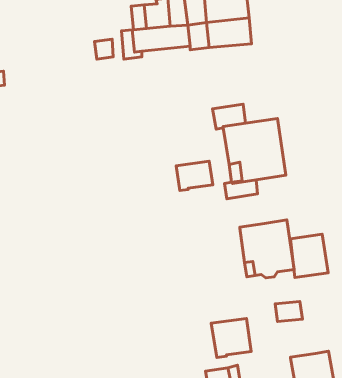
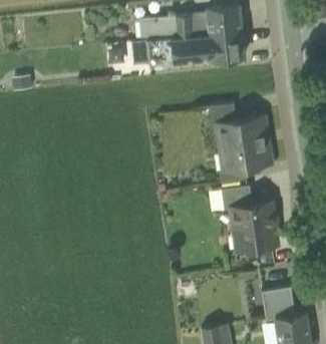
building: [176,161,213,191] -> [222,186,253,211]
building: [291,234,328,278] -> none
building: [211,318,251,357] -> [262,288,296,321]

